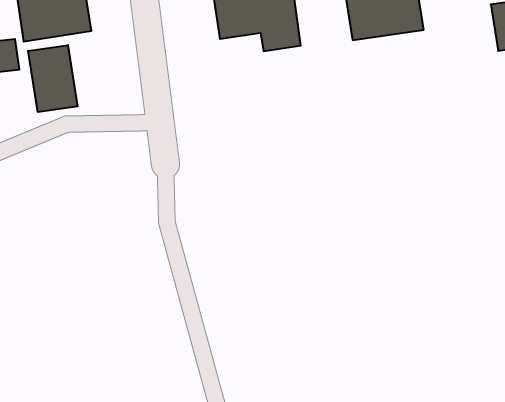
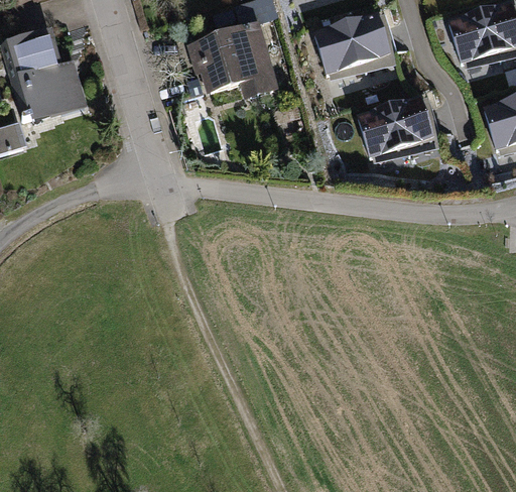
building: [28,45,78,112] -> none
building: none -> [358,97,433,157]

